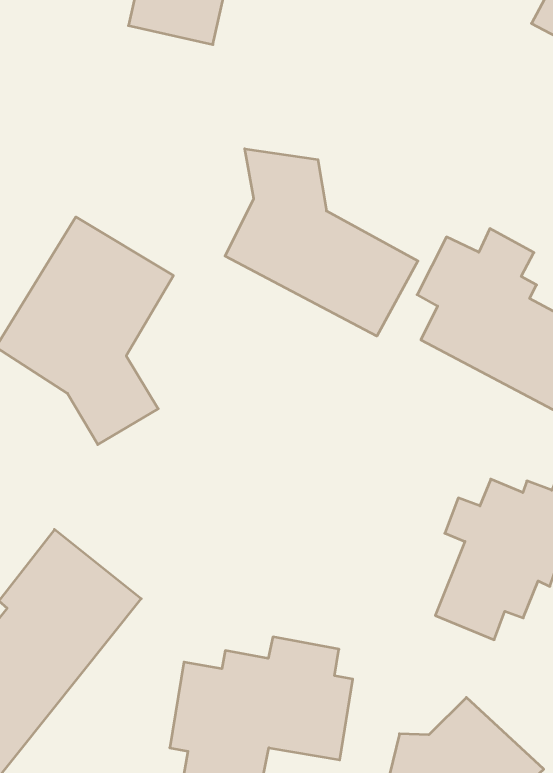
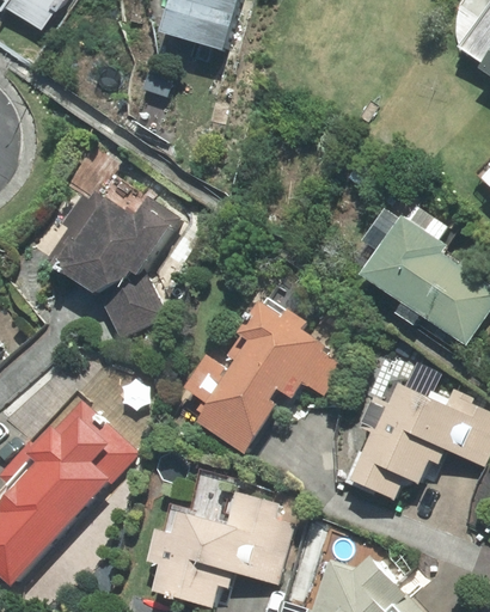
building: [225,149,418,336] -> none
building: none -> [170,293,342,455]

